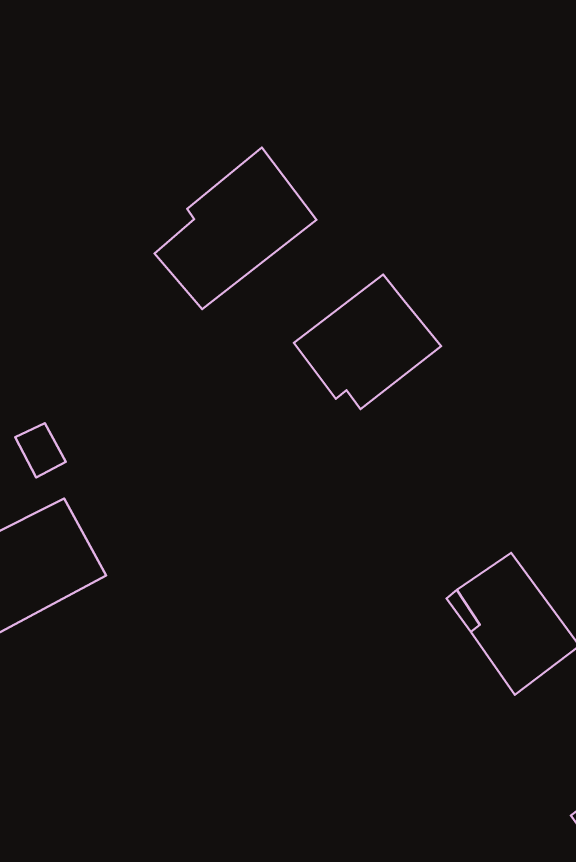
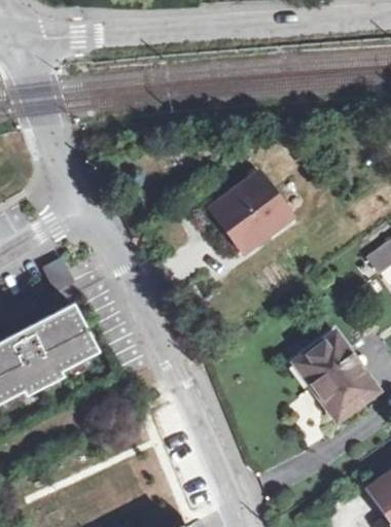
building: [155,148,317,309] -> none

